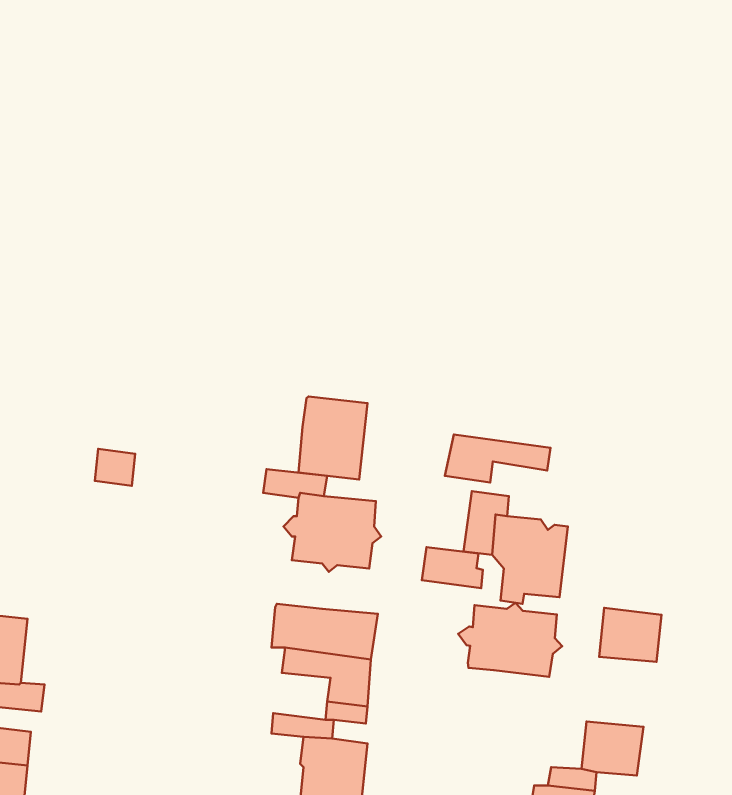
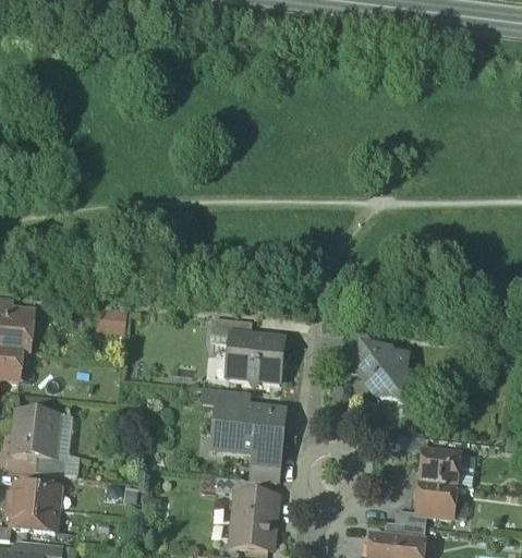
building: [299,397,368,480] -> none
building: [445,435,551,482] -> none
building: [422,547,483,588] -> none
building: none -> [209,387,251,408]
building: [458,603,562,677] -> none
building: [599,608,661,662] -> [420,449,460,484]

